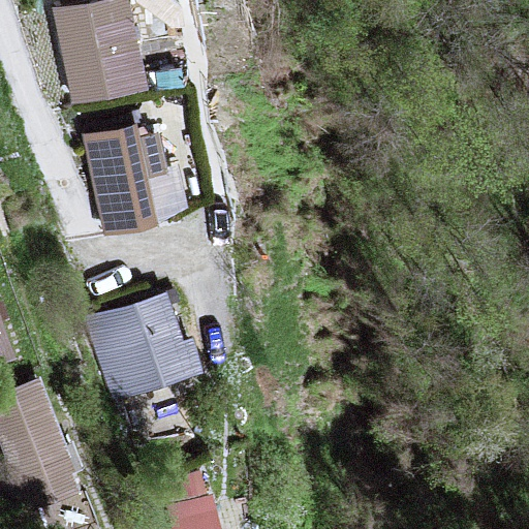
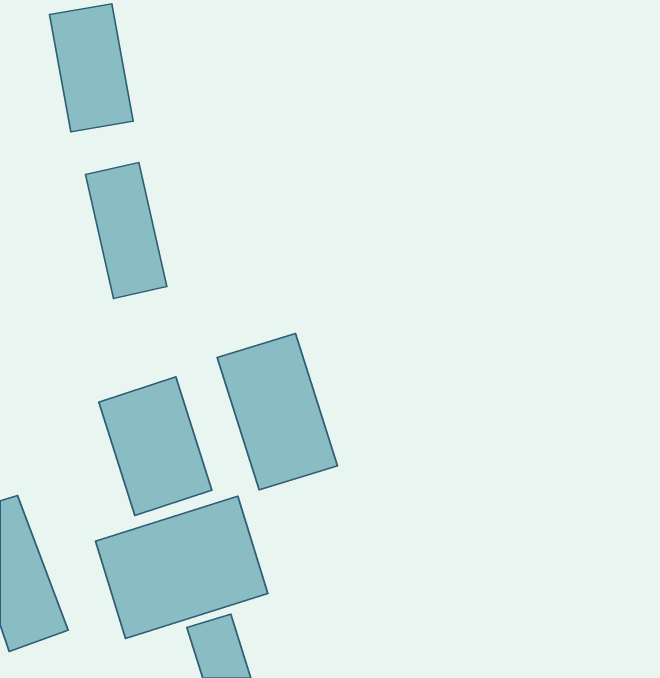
building: none -> [217,333,338,490]
building: none -> [96,496,268,638]

